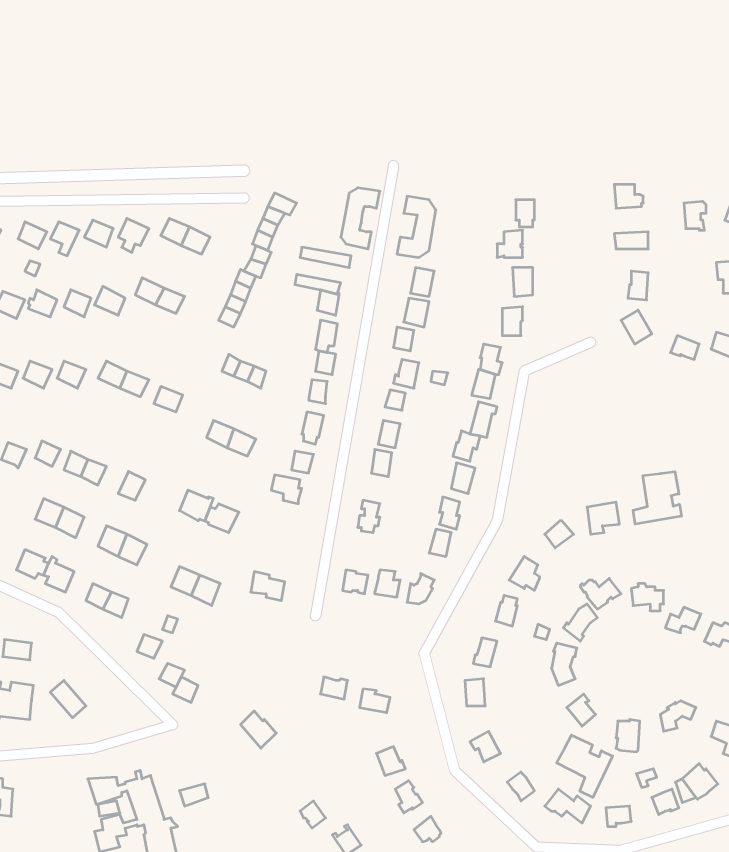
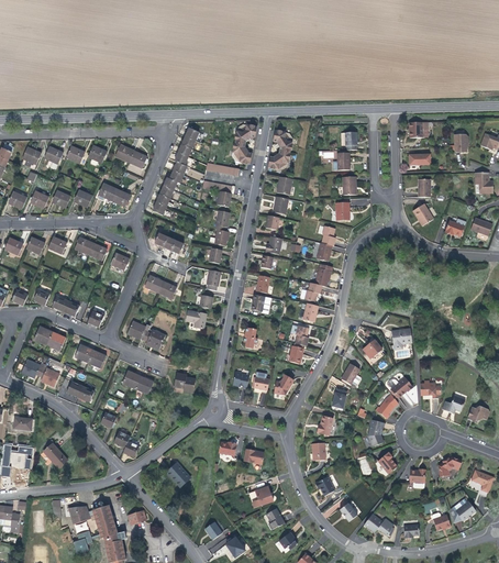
building: [633,472,681,524] -> none
building: [557,735,613,797] -> none

